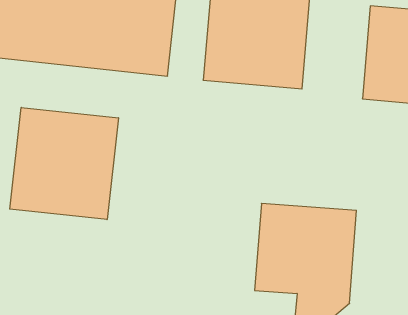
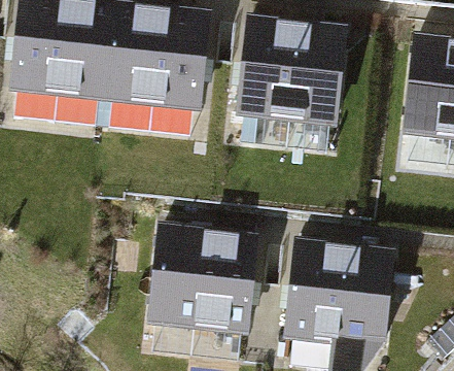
building: [10,107,118,220] -> none
building: none -> [146,231,257,337]

